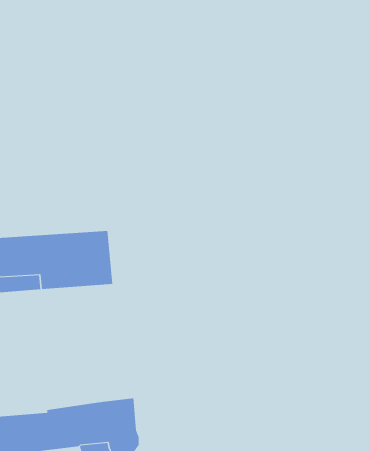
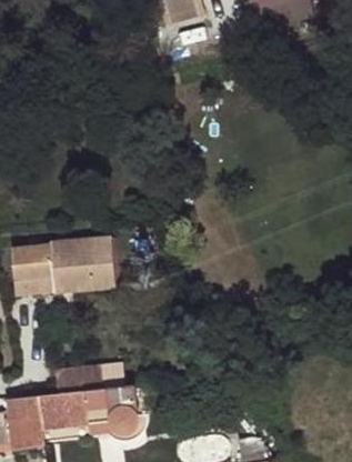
building: none -> [54,368,104,393]

